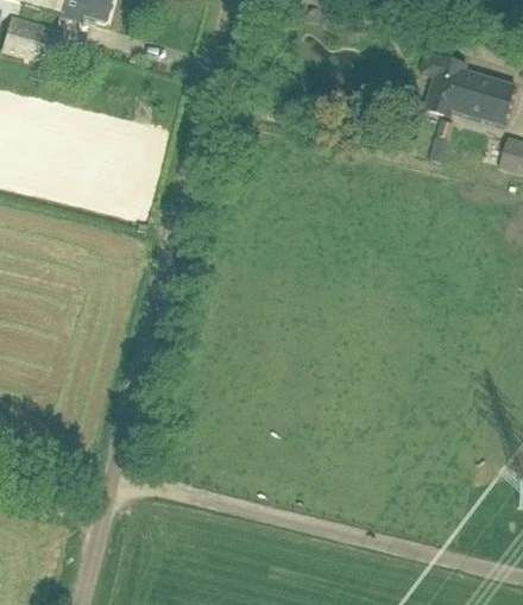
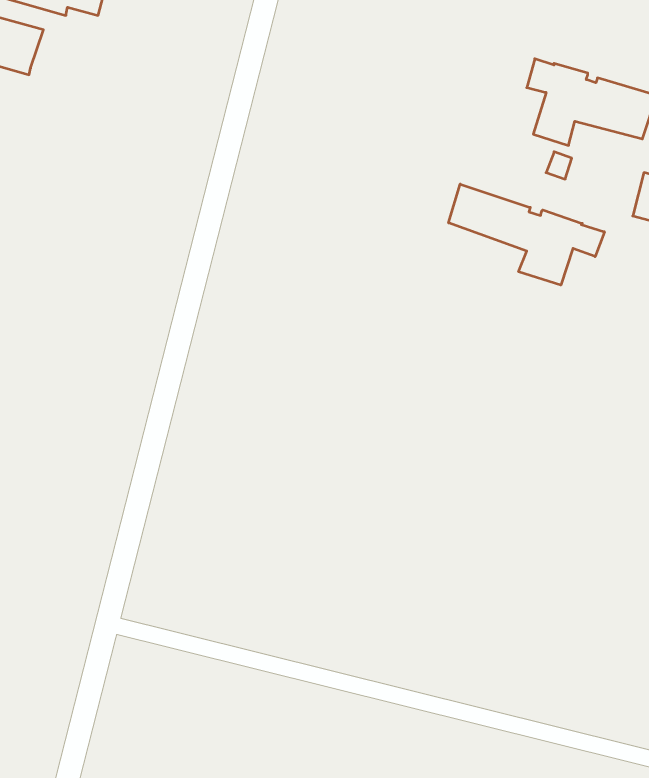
building: none -> [449,184,604,285]

